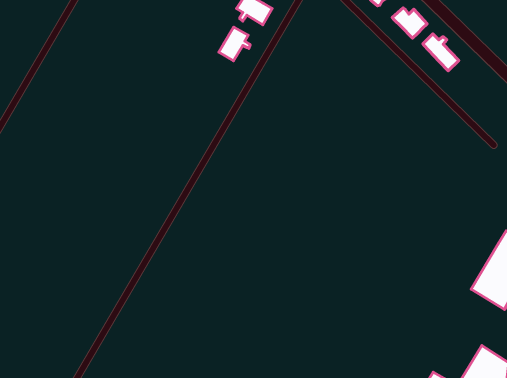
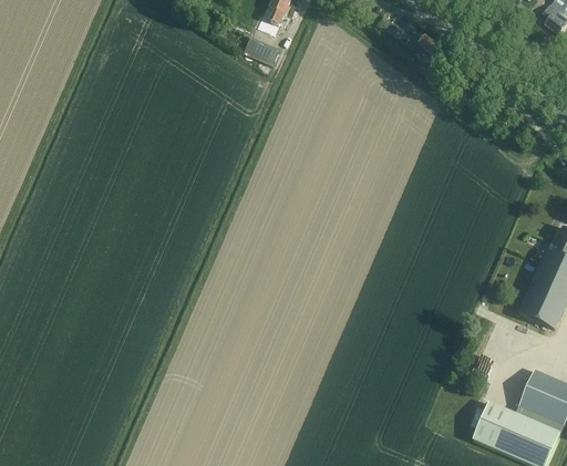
building: [219,27,250,61] -> none
building: [423,34,459,71] -> none

